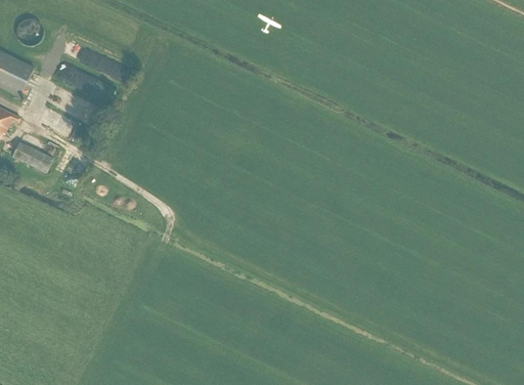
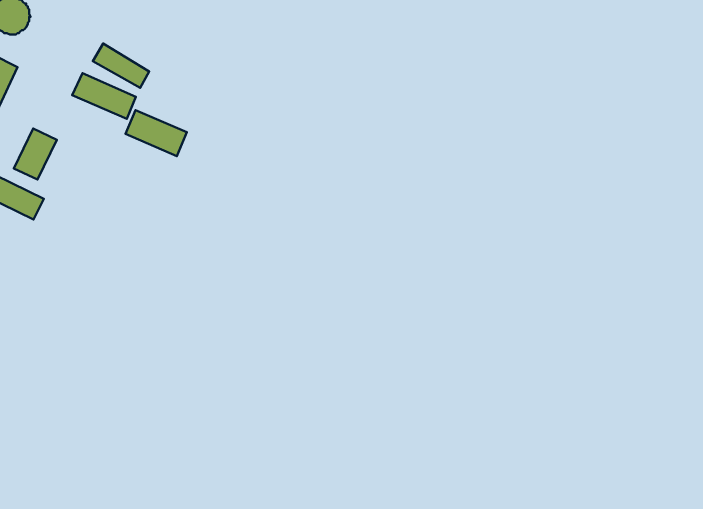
building: none -> [126,110,187,156]
building: none -> [14,128,57,180]

